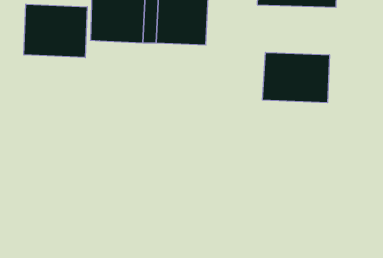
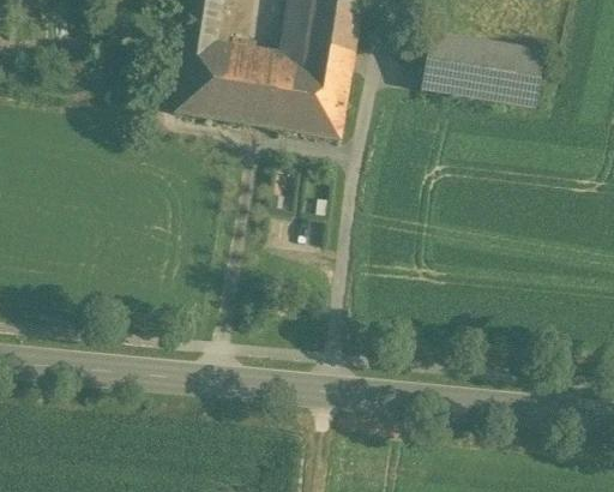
building: [24,4,87,58] -> none
building: [263,52,329,103] -> none

